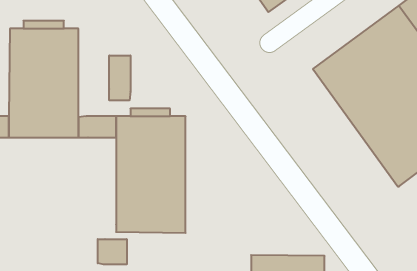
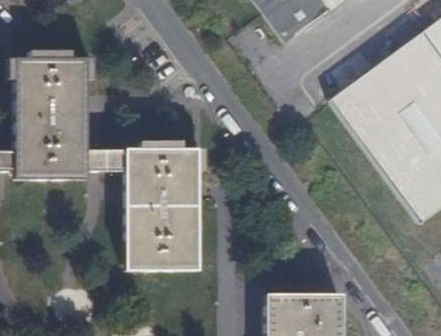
building: [109,55,130,100] -> none
building: [98,239,127,264] -> none

